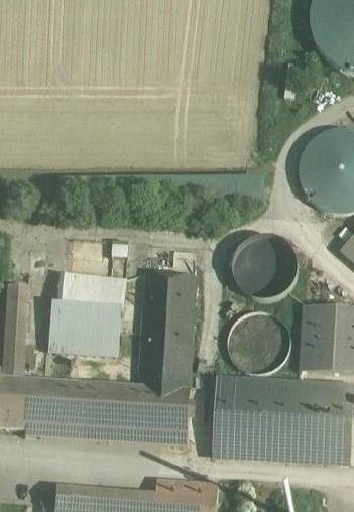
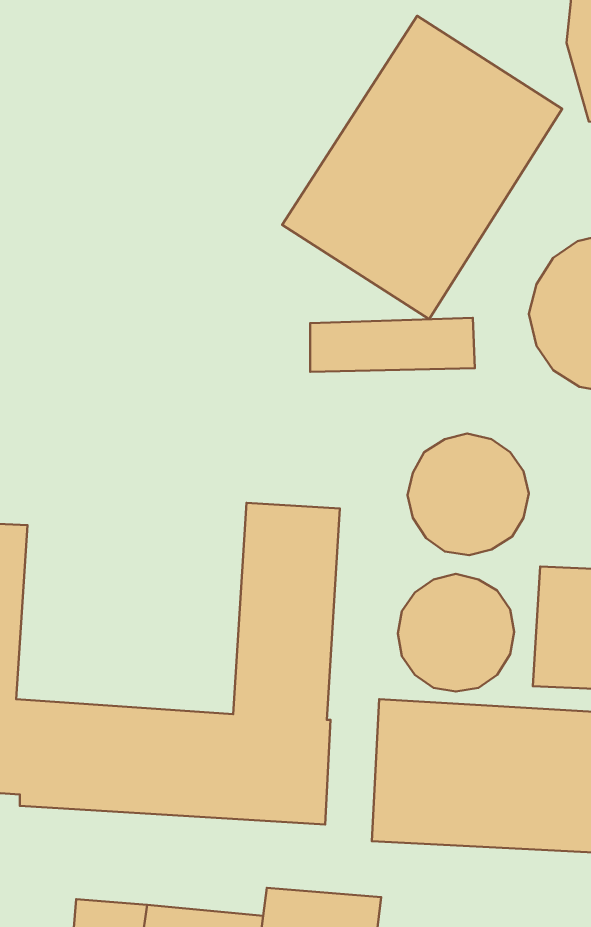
building: none -> [282,16,562,319]
building: [47,270,127,358] -> none

